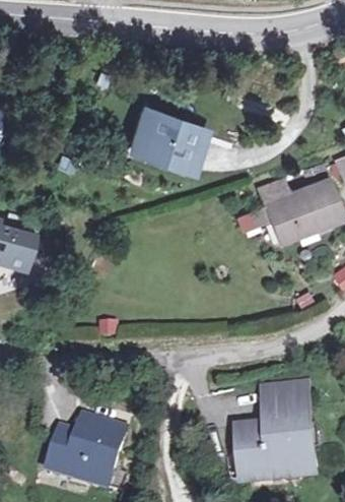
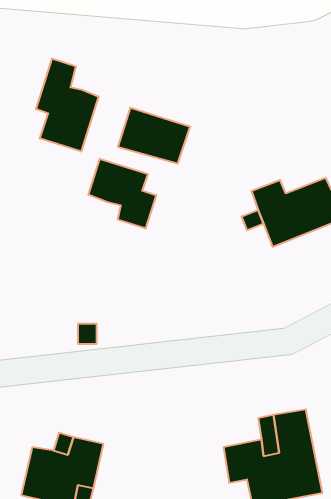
building: none -> [36,58,98,152]
building: none -> [88,159,156,229]

